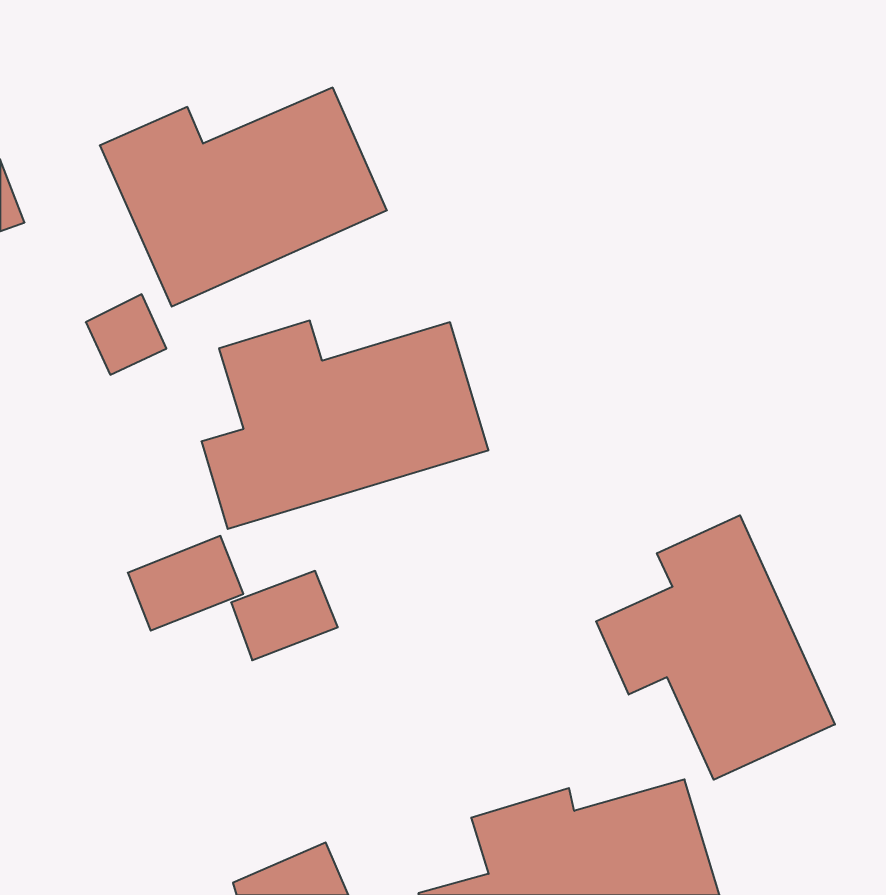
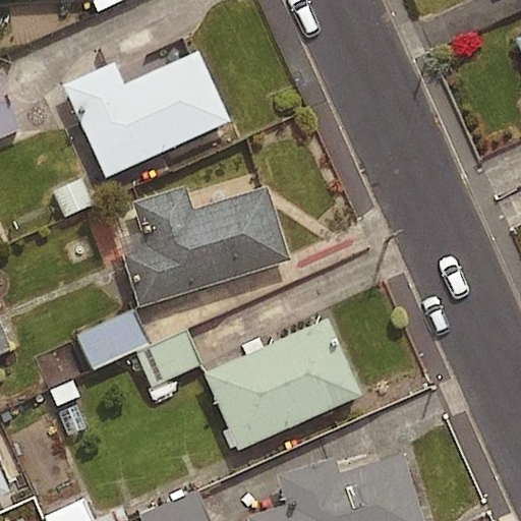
building: [596,515,835,780] -> none
building: none -> [204,319,361,451]

